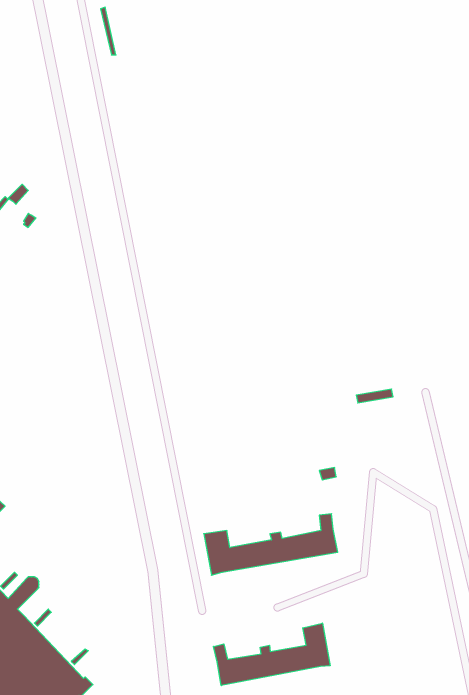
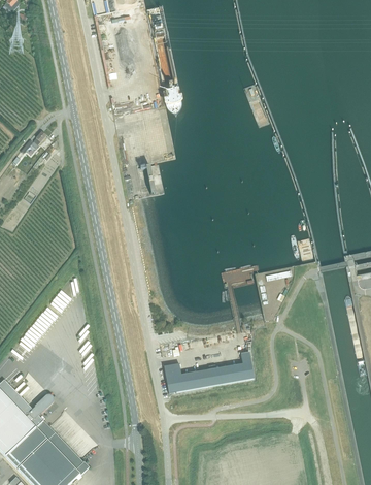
building: [213,623,330,686] -> none

